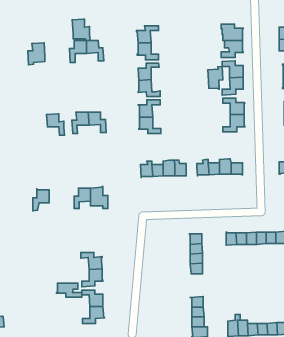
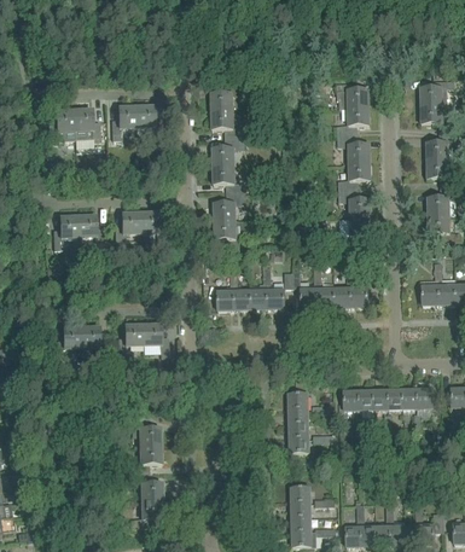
building: [72,19,90,40] -> [74,109,100,140]
building: [208,66,223,89] -> none
building: none -> [53,216,79,248]
building: none -> [81,326,106,358]
building: [57,283,82,297] -> none

